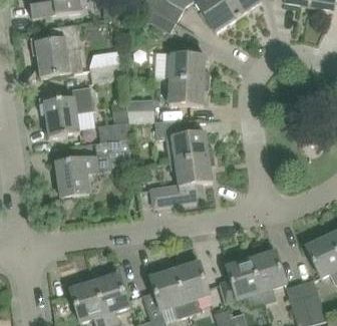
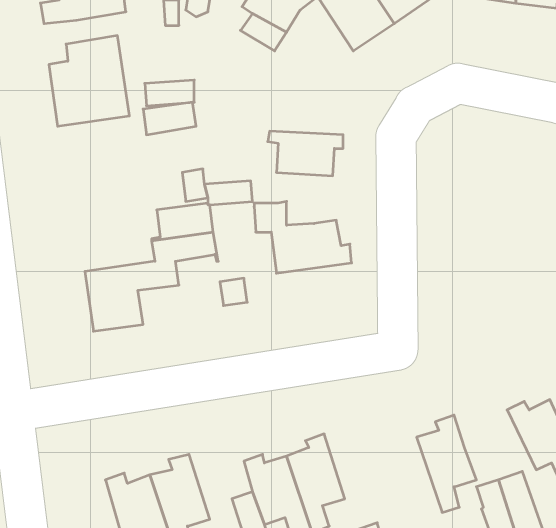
building: [153,51,209,81] -> none
building: [44,86,93,135] -> none
building: [149,156,214,208] -> none
building: [219,258,266,308] -> none

